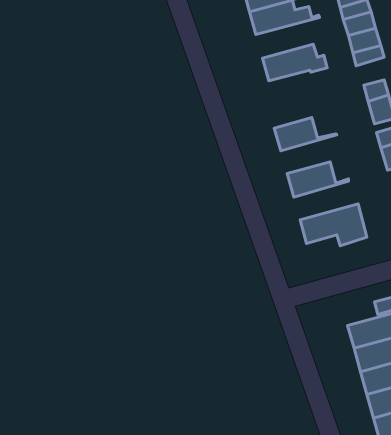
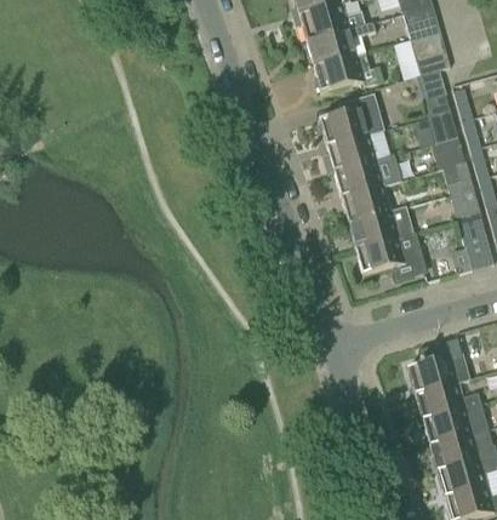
building: none -> [304,22,377,68]
building: none -> [318,95,381,147]
building: none -> [332,154,398,198]
building: none -> [347,206,419,250]

